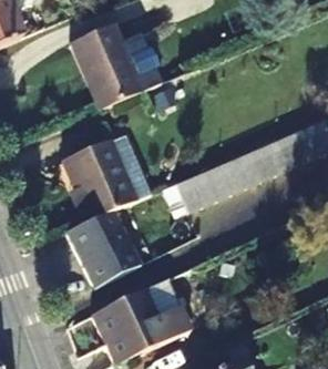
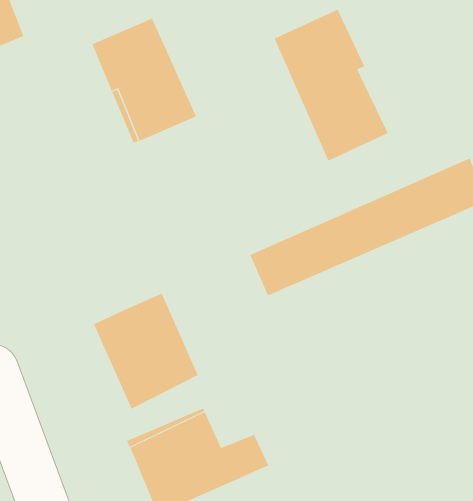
building: none -> [274,9,388,161]
building: [60,136,147,224] -> none

